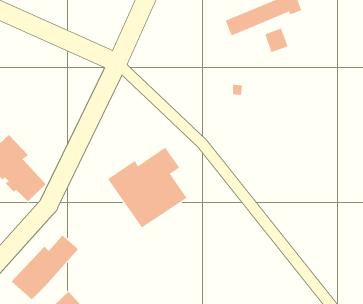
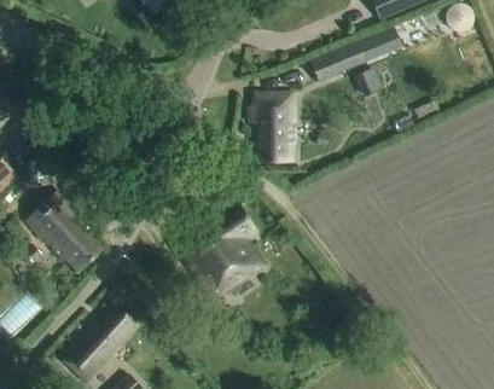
building: none -> [250,94,296,163]

